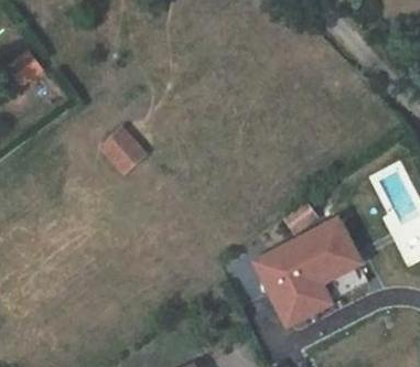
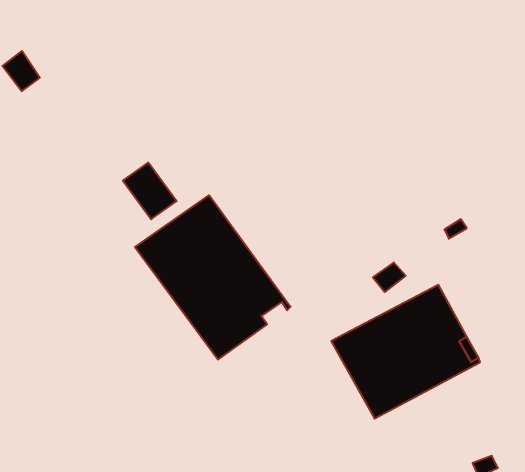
building: none -> [135,195,291,360]

